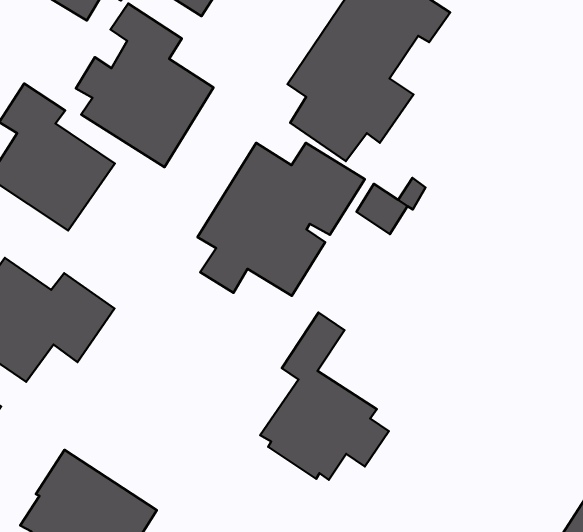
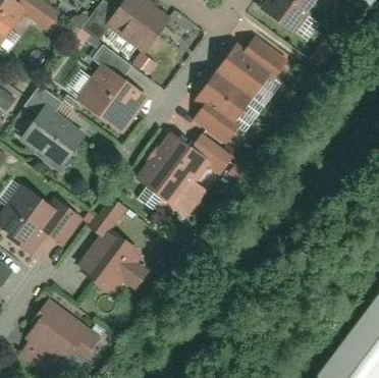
building: [260,313,389,480] -> [73,197,148,293]

